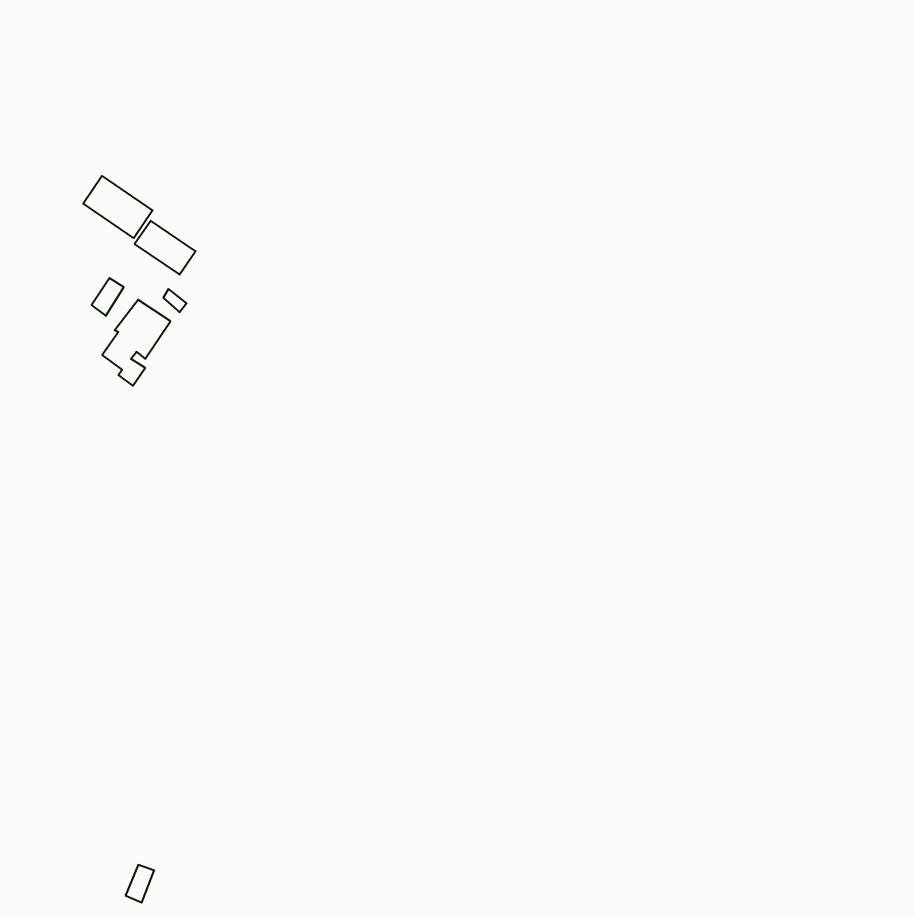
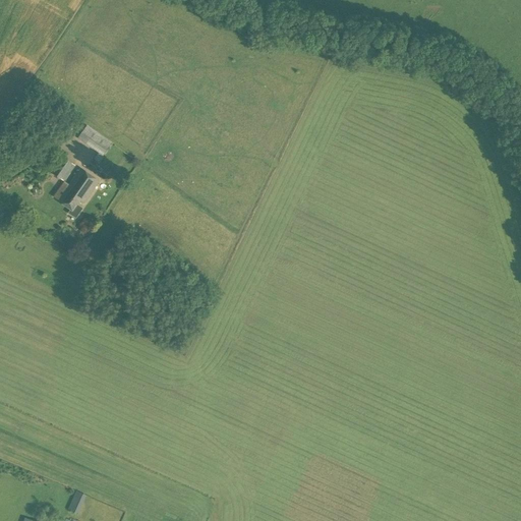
building: [83,176,153,238] -> none

